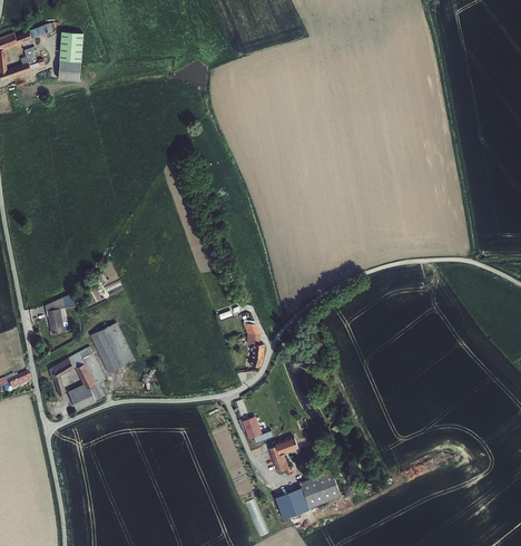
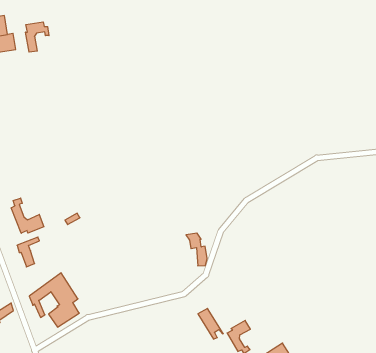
building: none -> [26,22,49,52]
building: none -> [11,198,44,233]
building: [91,326,128,373] -> none

